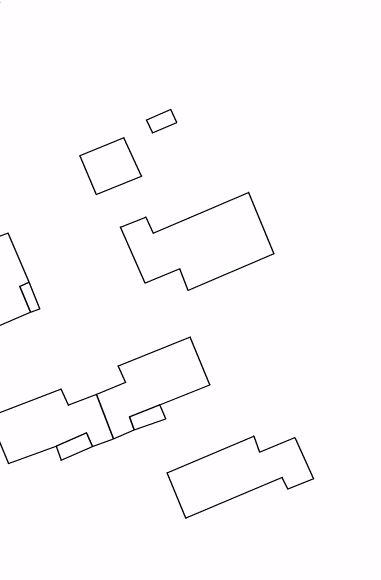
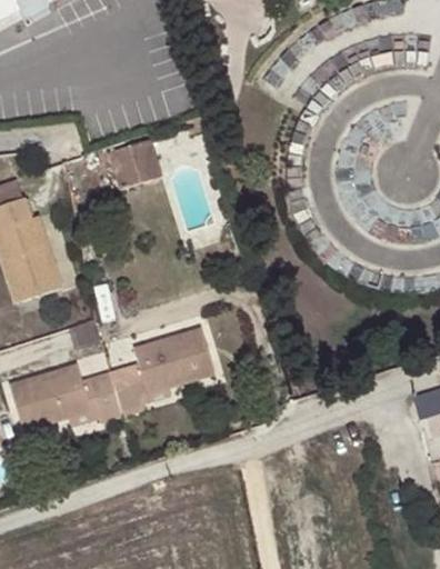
building: [120,192,274,290] -> none
building: [167,436,313,518] -> none

